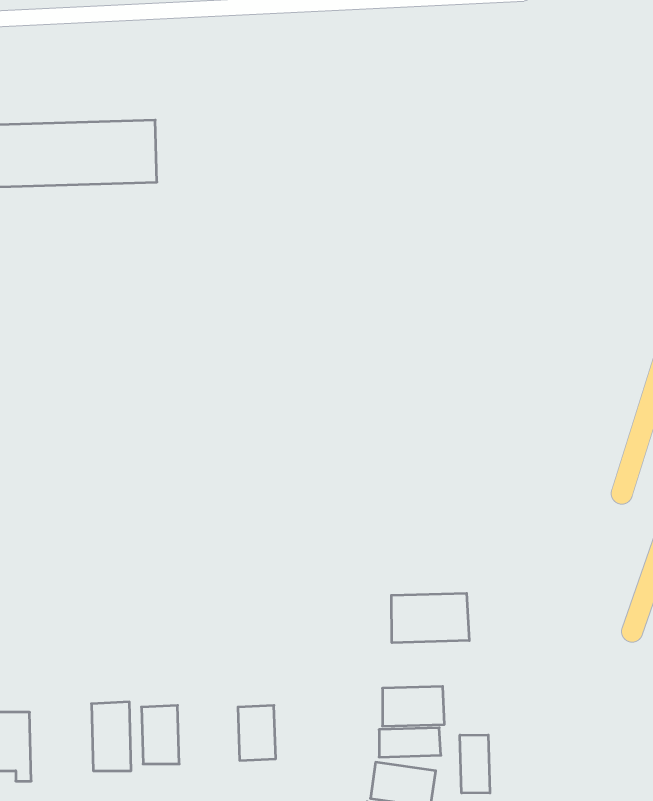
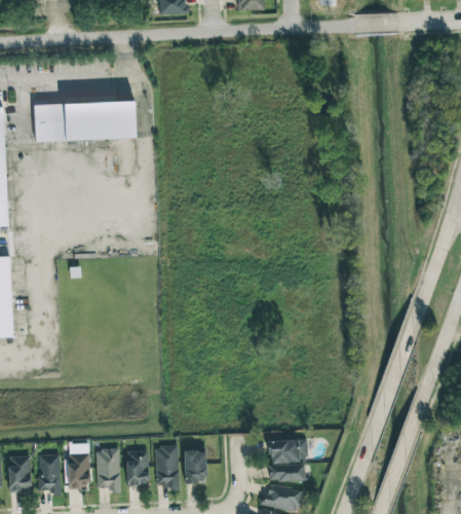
building: [391,593,469,643] -> none
building: none -> [67,445,89,488]
building: none -> [155,445,179,489]
building: [460,735,490,793] -> none

